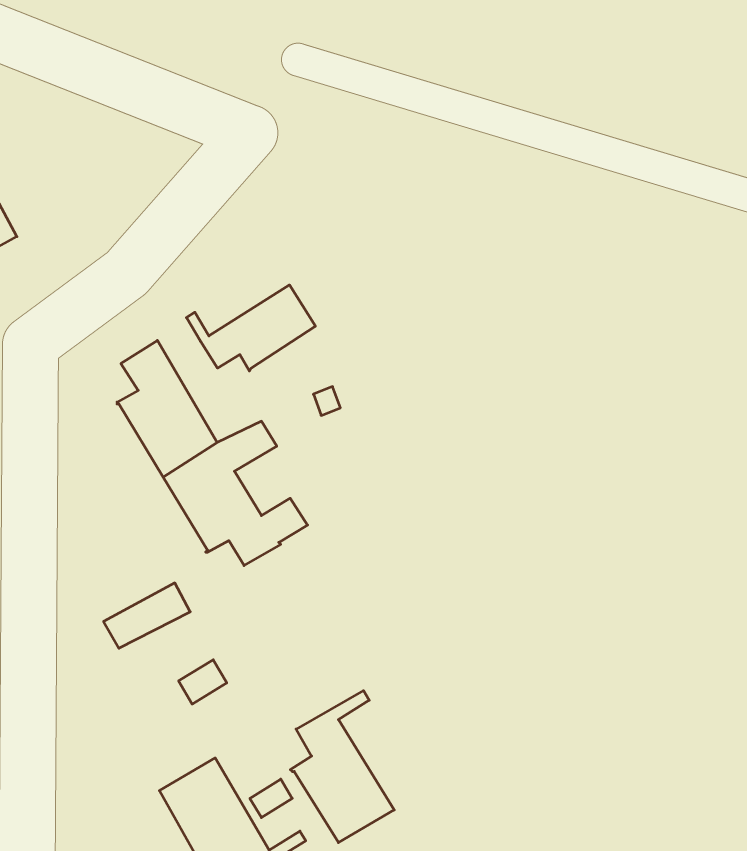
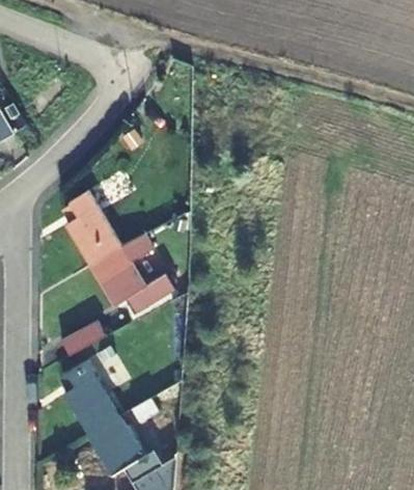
building: [186,285,315,371] -> none
building: [290,691,394,843] -> [63,352,119,434]

